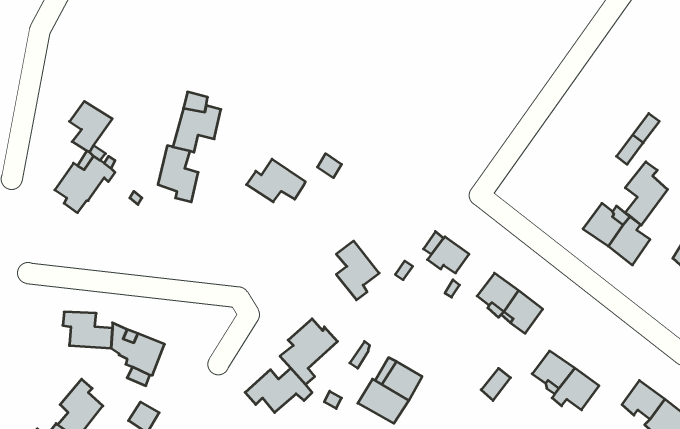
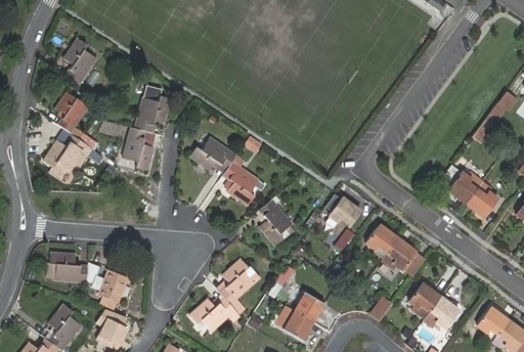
building: none -> [64,39,96,85]
building: [625,162,668,225] -> none
building: none -> [222,157,258,205]

